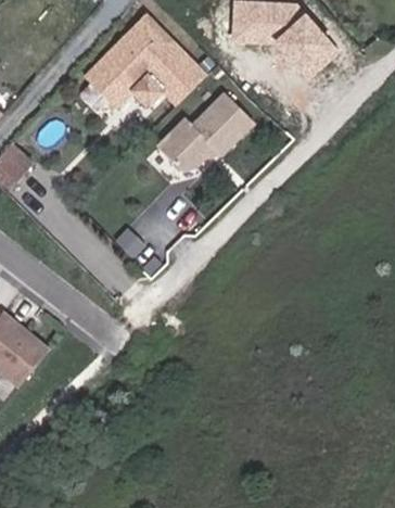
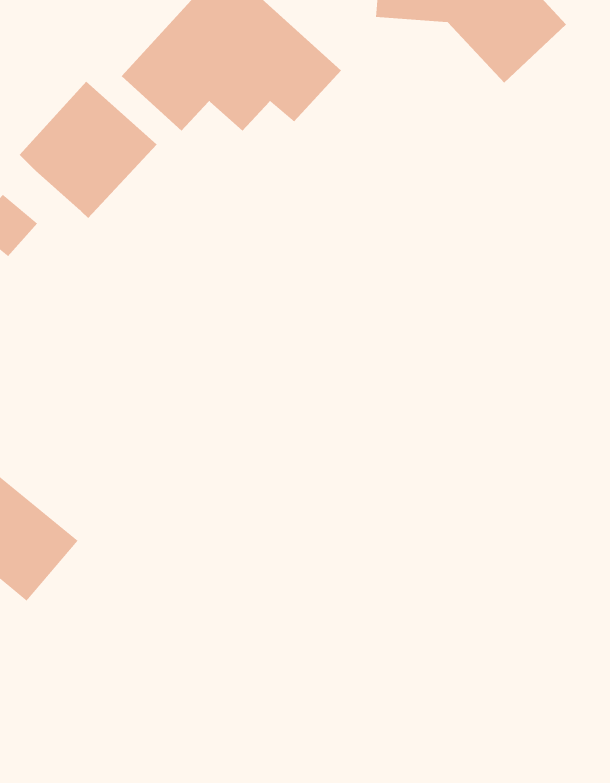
building: none -> [19,81,157,219]
building: [160,92,254,170] -> none

